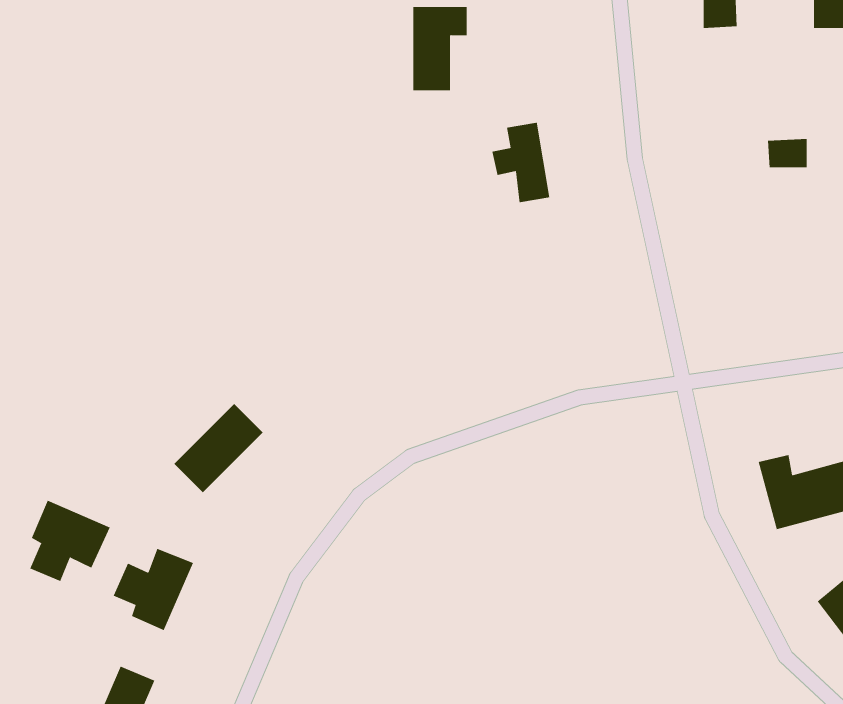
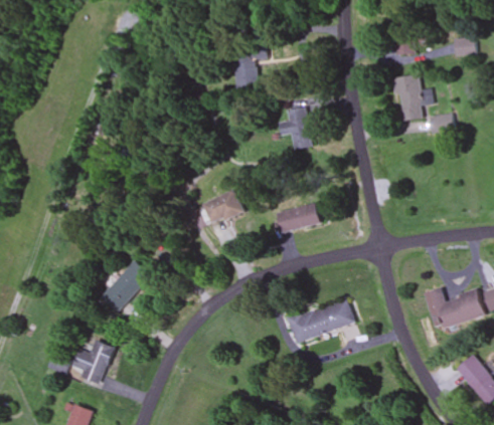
building: none -> [393,74,431,120]
building: none -> [202,189,242,223]
building: none -> [277,202,319,231]
building: none -> [286,299,354,343]
building: [29,500,111,582] -> none

